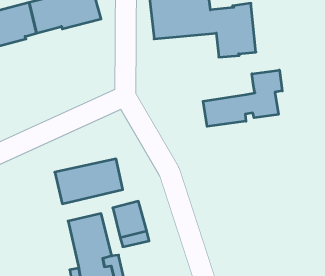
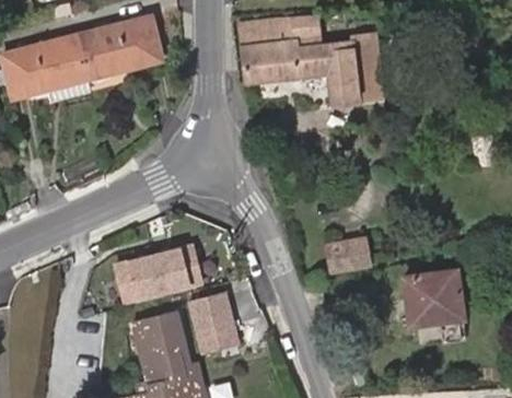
building: [203,70,282,126] -> none
building: none -> [327,237,369,270]
building: none -> [404,269,464,324]

